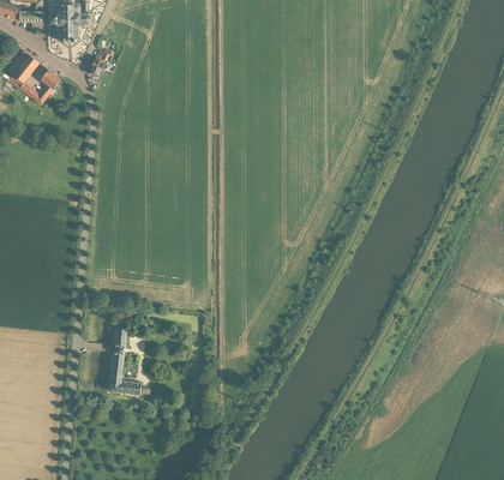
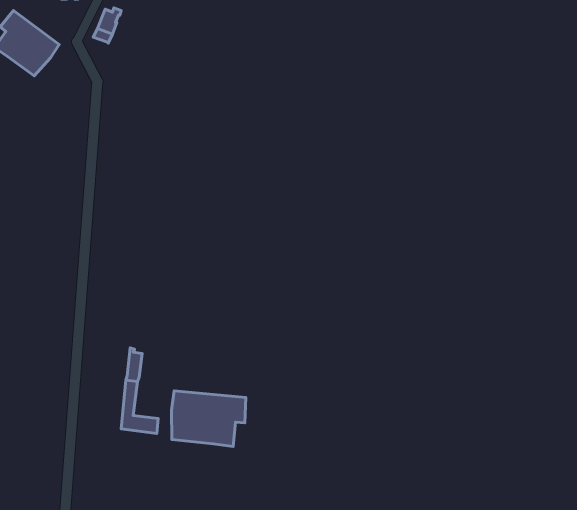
building: none -> [171,391,246,447]

